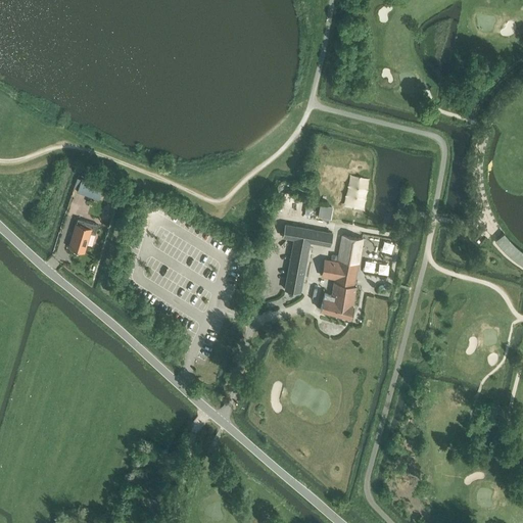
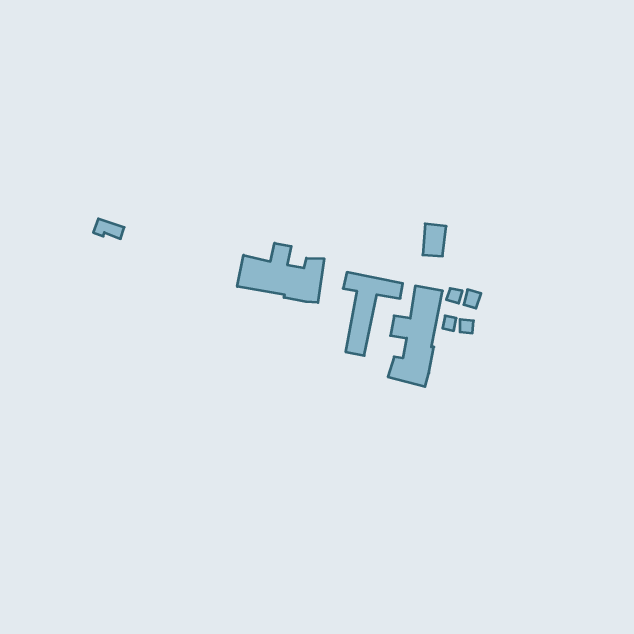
building: none -> [237,243,324,303]
building: [67,220,97,253] -> none

